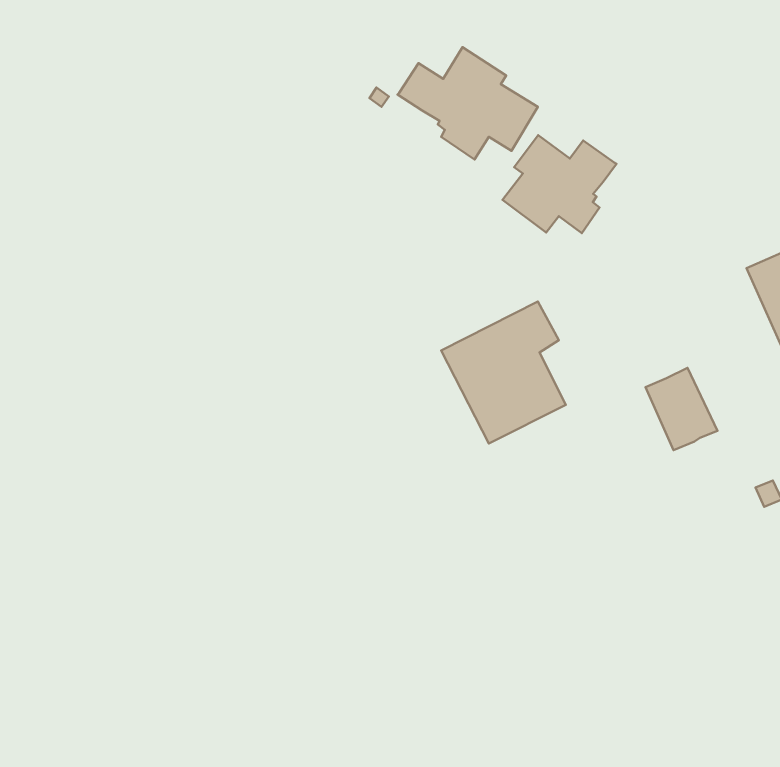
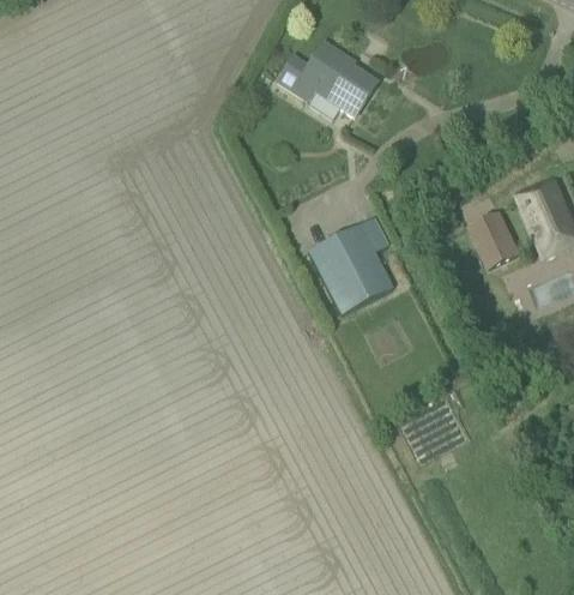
building: [503,135,617,233] -> none
building: [645,368,717,450] -> [470,211,519,268]

